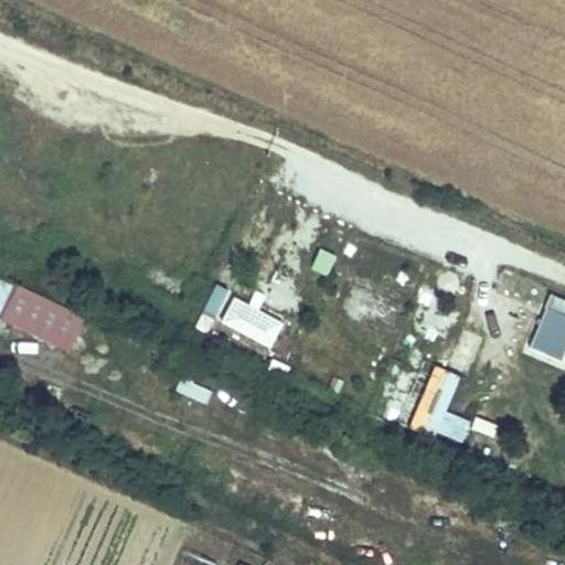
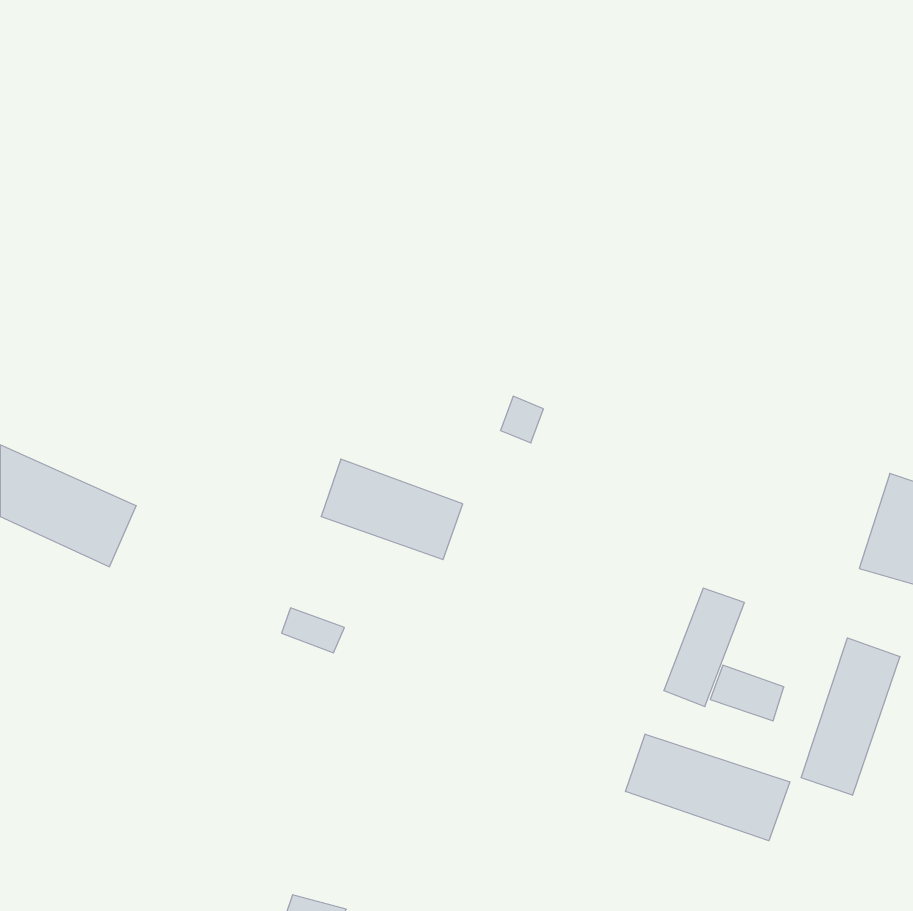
building: none -> [801,638,900,795]
building: none -> [626,734,790,841]

